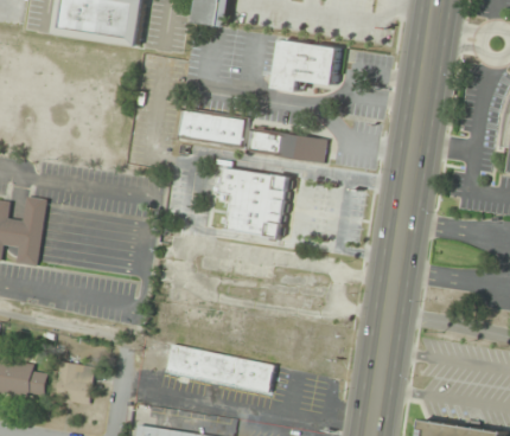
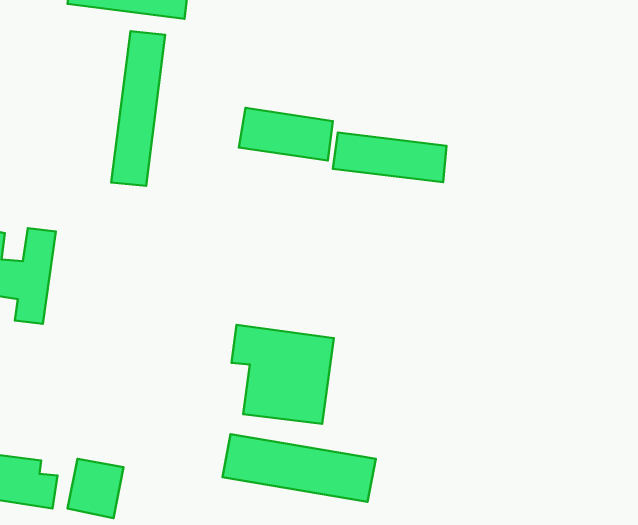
building: [275,39,340,92] -> none
building: none -> [111,31,165,186]
building: [217,167,291,238] -> [232,325,334,424]

